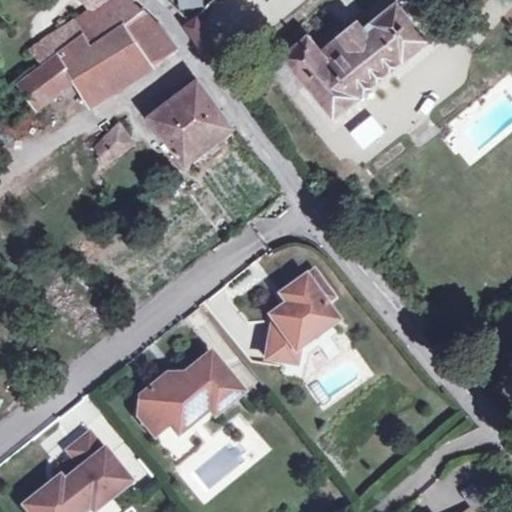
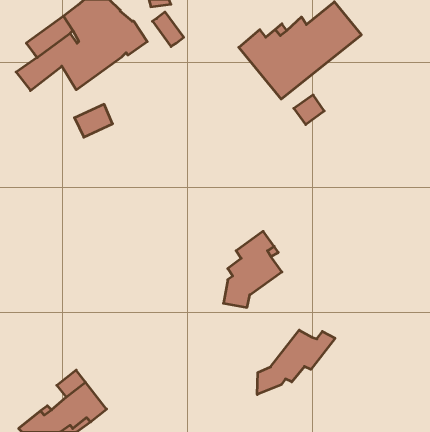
building: [149,81,232,164] -> none
building: [136,355,239,436] -> none
building: none -> [257,330,335,395]

